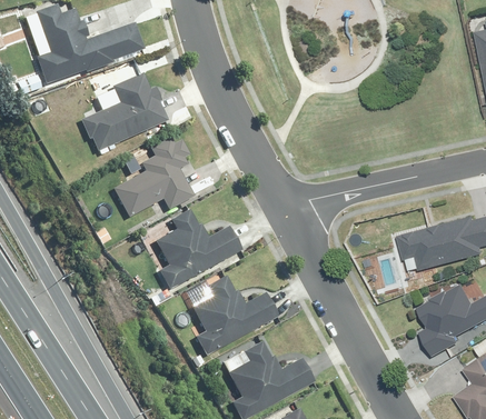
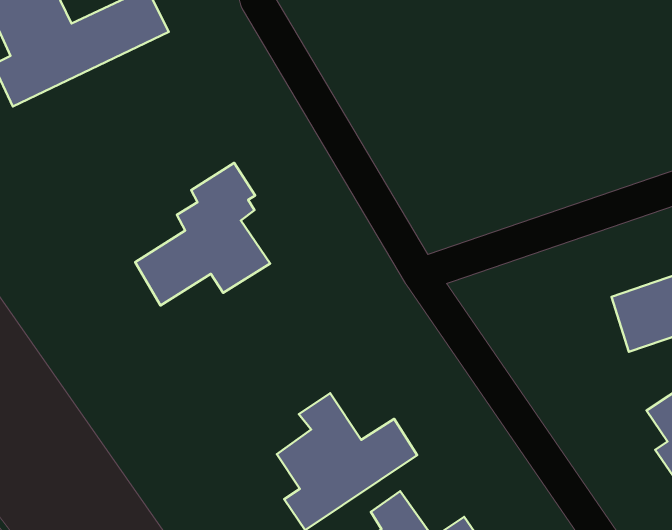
building: [81,70,167,151] -> none
building: [155,208,240,290] -> none

